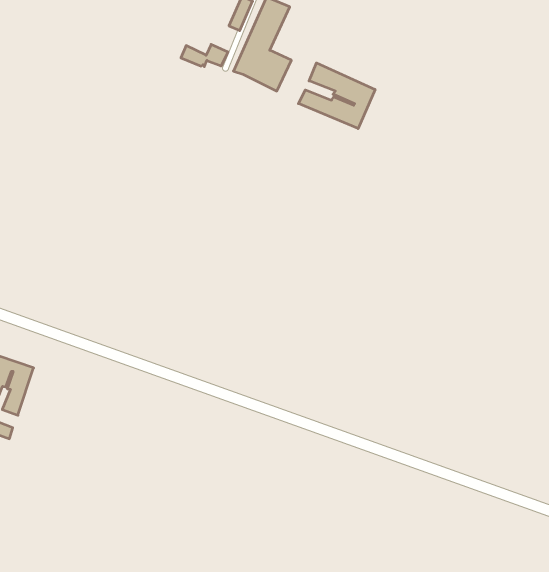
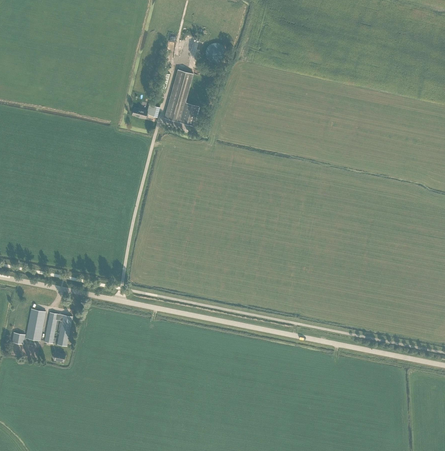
building: [298,63,375,129] -> none

